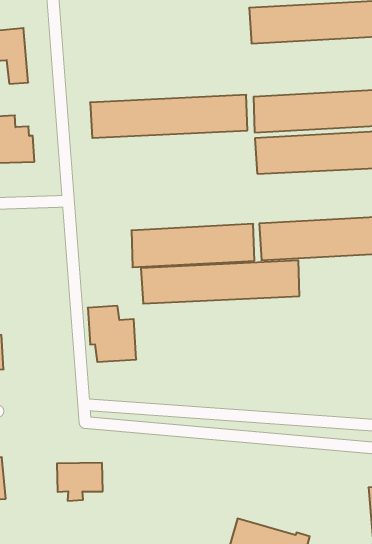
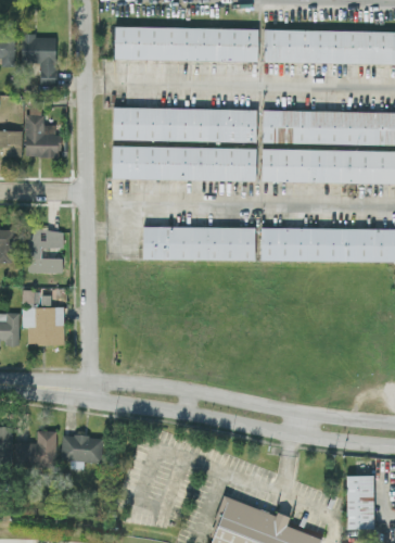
building: none -> [114,26,258,61]
building: none -> [28,229,63,273]
building: [141,260,299,304] -> [112,146,256,180]
building: [88,306,136,362] -> [23,294,64,344]
building: none -> [15,430,56,467]

